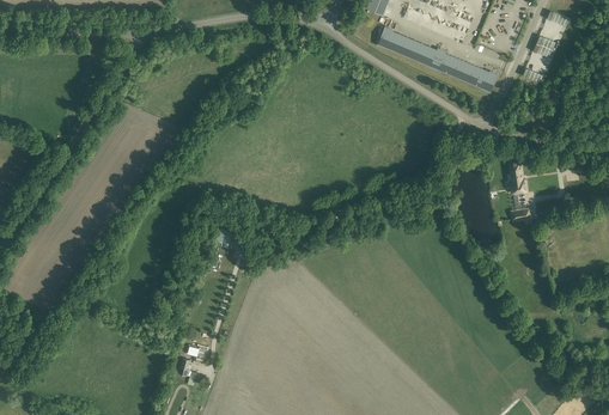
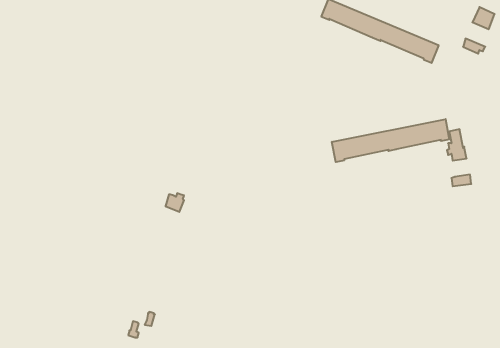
building: none -> [332,119,449,162]

